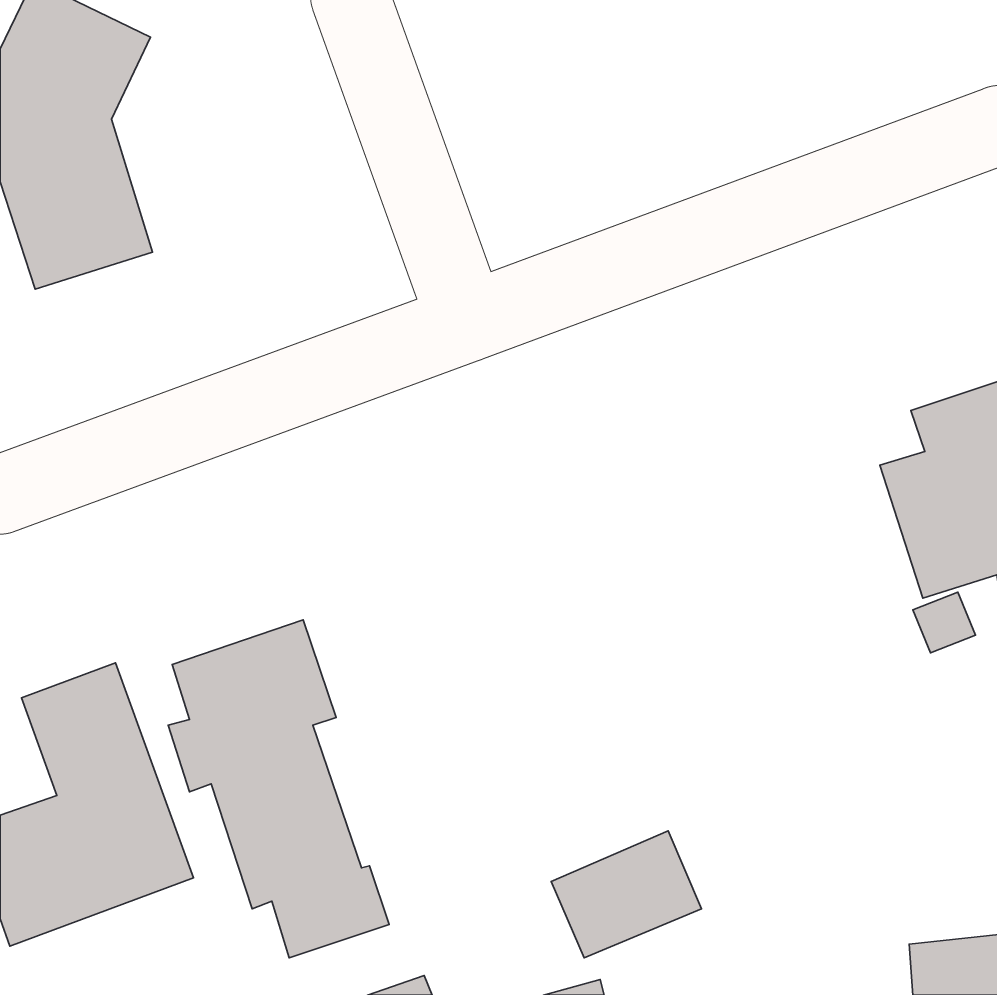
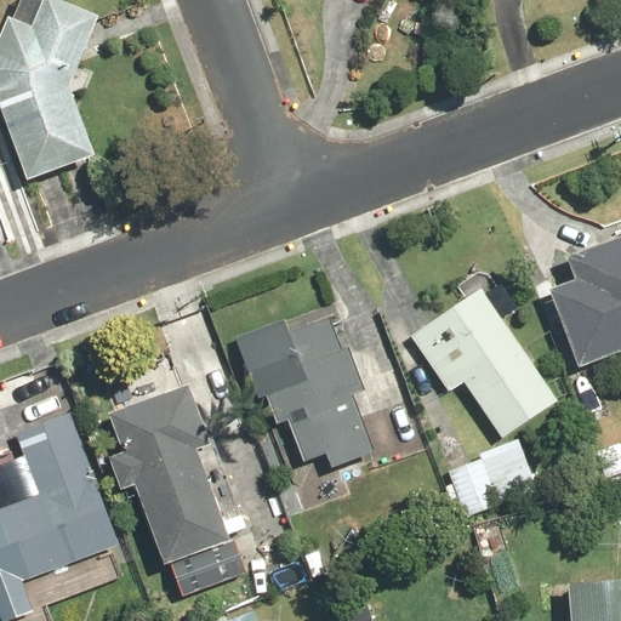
building: none -> [406,285,558,438]
building: none -> [237,317,375,471]
building: [551,831,702,958] -> [446,439,540,518]

